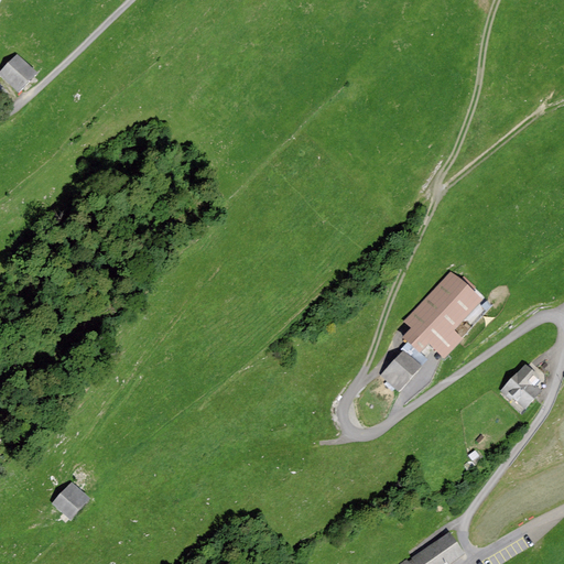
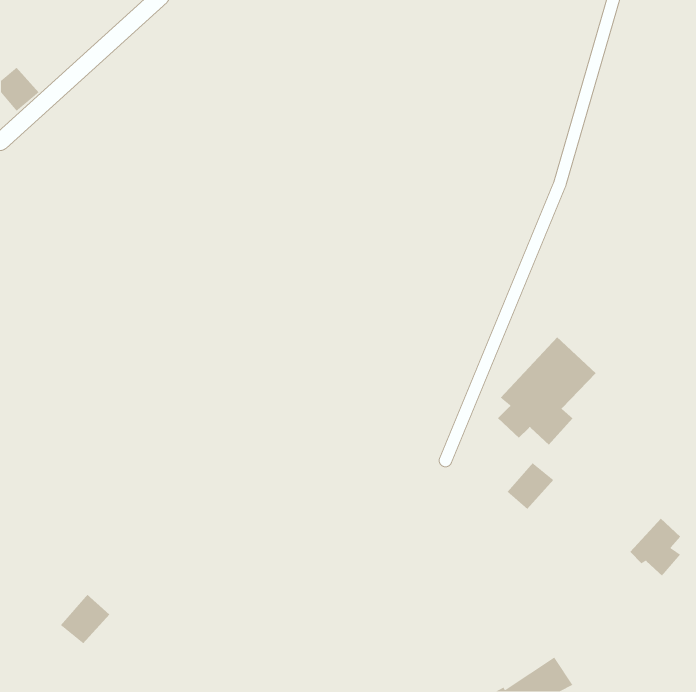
building: [381,349,420,388] -> [507,462,554,510]
building: [500,362,542,410] -> [629,518,681,576]

